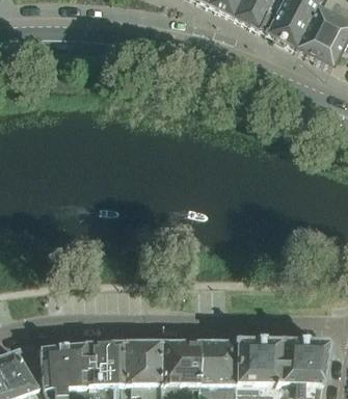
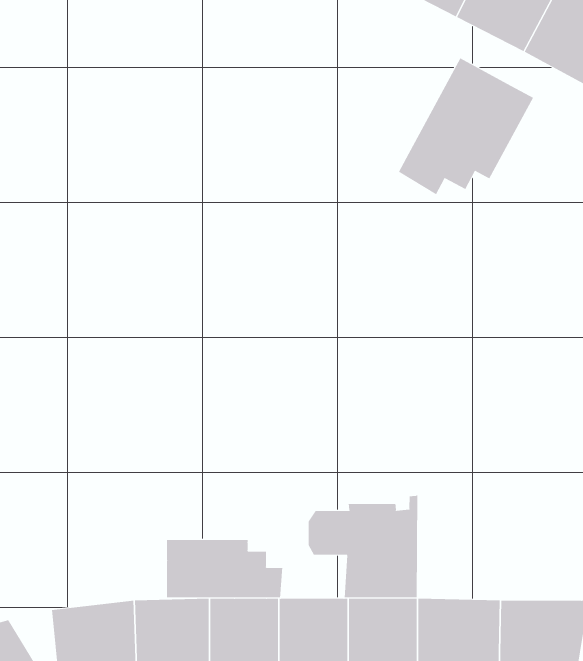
building: none -> [398,58,534,195]
building: none -> [308,494,418,598]
building: none -> [167,539,283,598]

